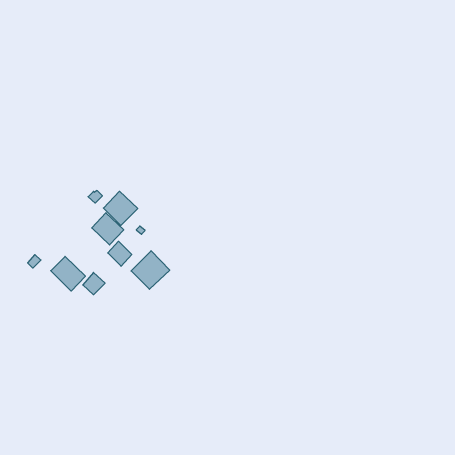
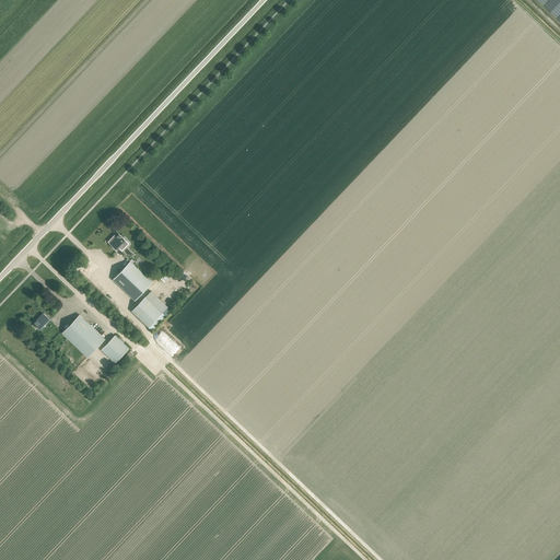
building: [103,191,138,226] -> none
building: [131,251,170,289] -> none

